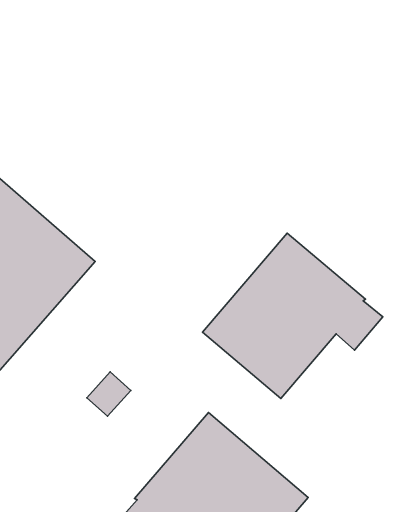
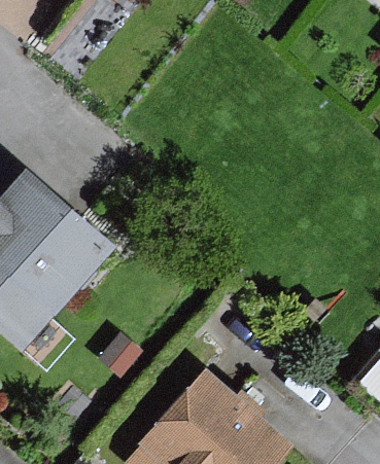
building: [202,233,383,399] -> none

